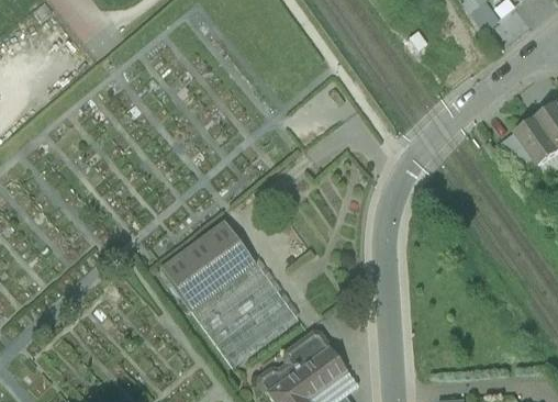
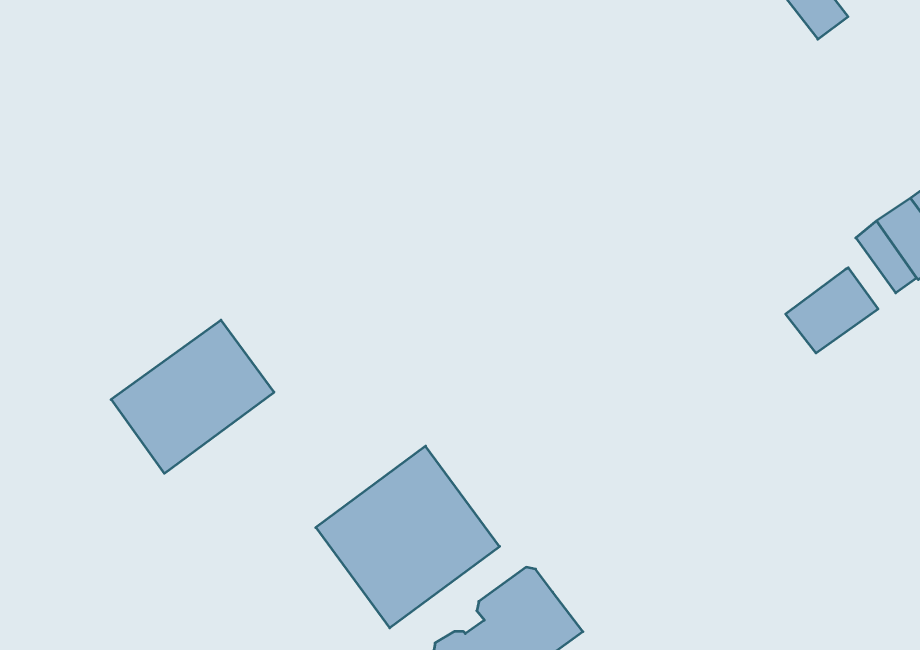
building: none -> [786,268,878,353]
building: [160,220,255,309] -> [111,320,274,473]

